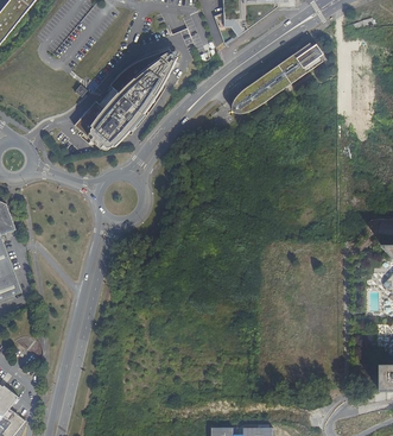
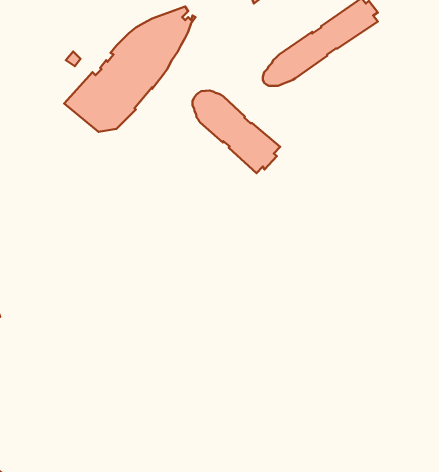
building: none -> [192,90,280,173]

